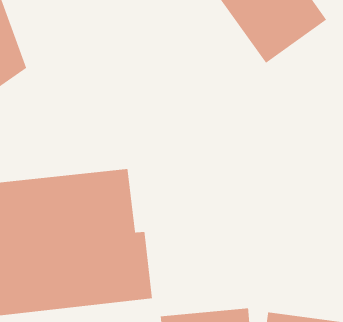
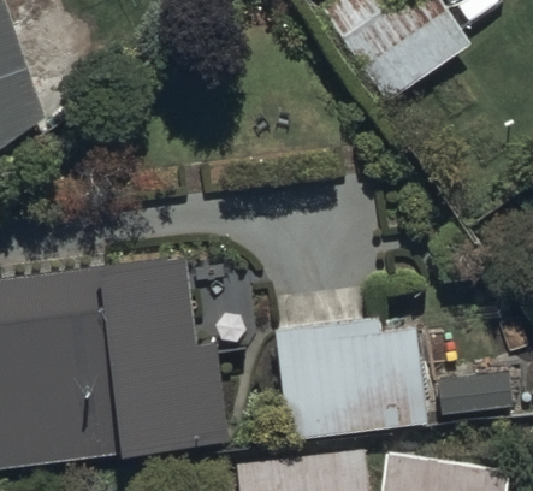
building: none -> [273,317,427,442]

